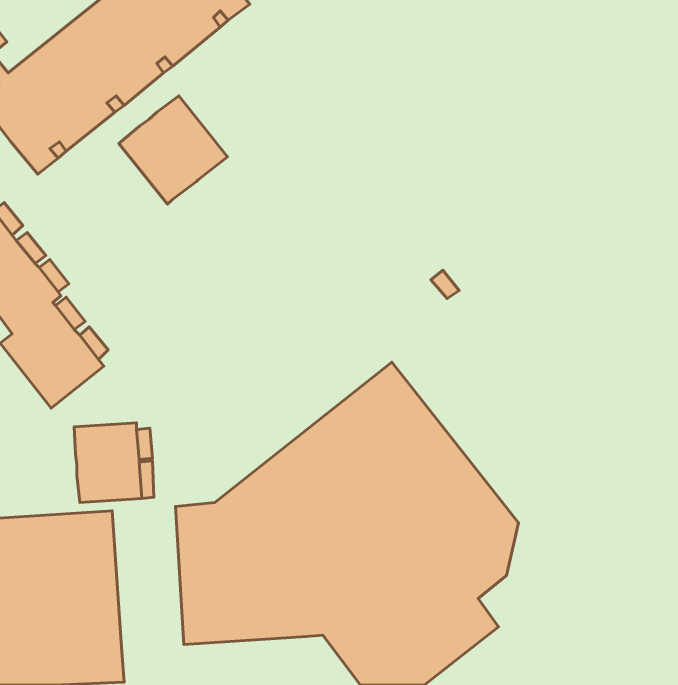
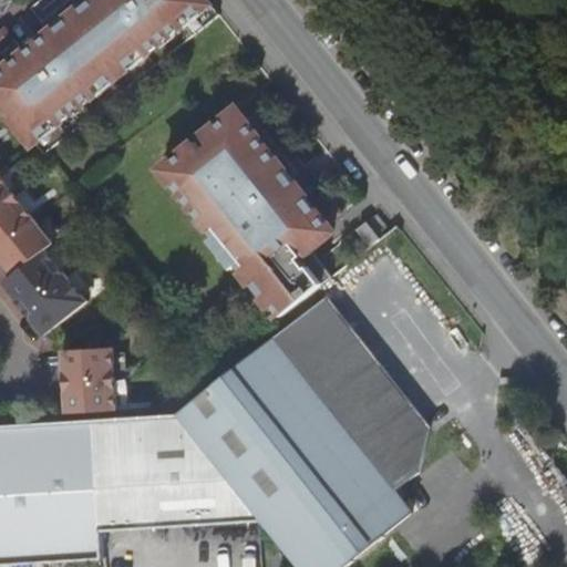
building: [119,96,228,204] -> none
building: none -> [157,109,338,316]
building: none -> [92,415,151,530]

